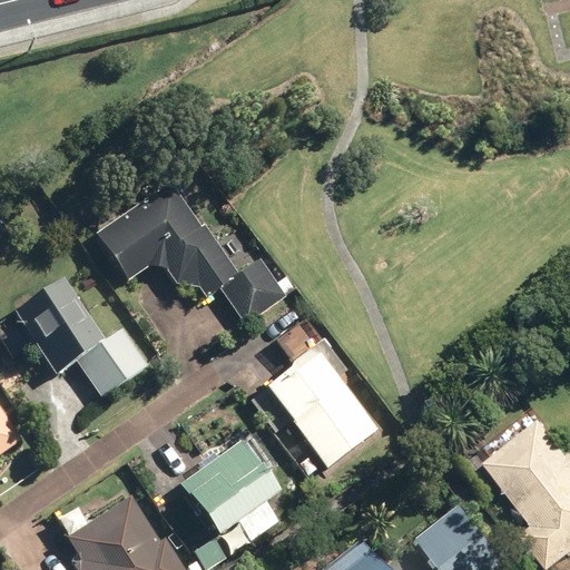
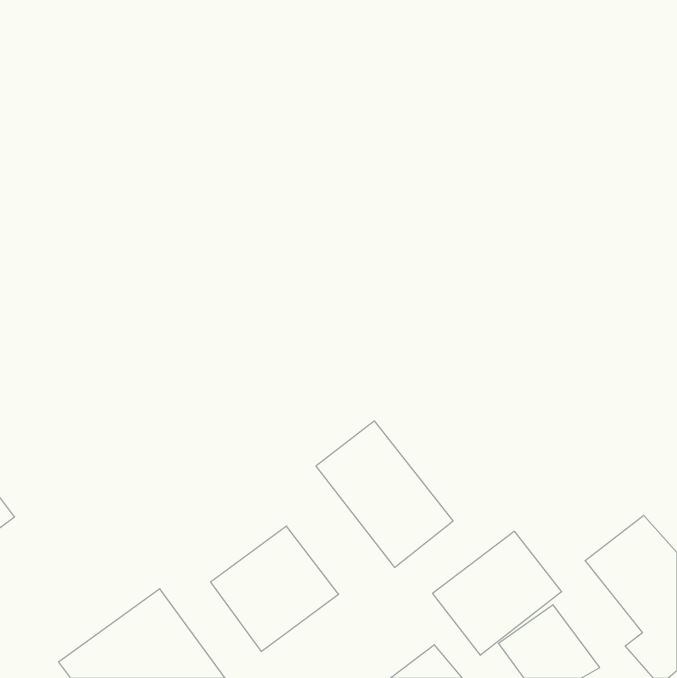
building: [99,180,284,322] -> none
building: [18,278,147,395] -> none
building: none -> [433,531,562,655]

